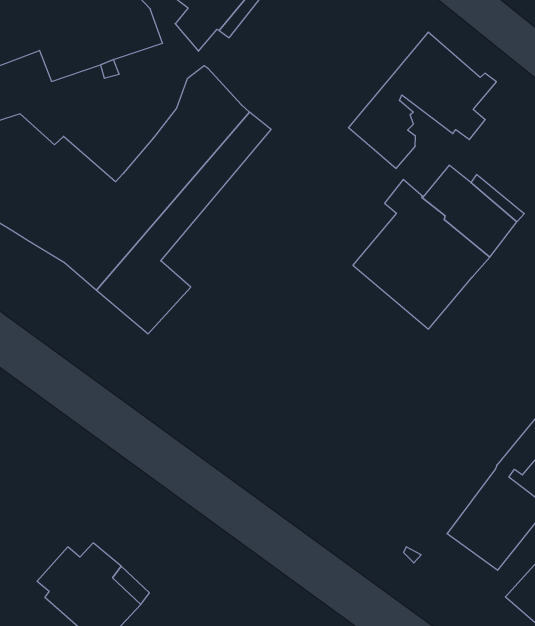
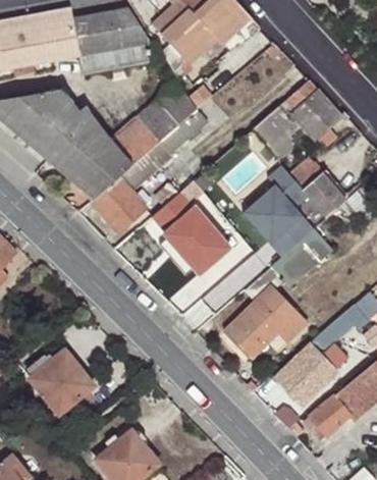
building: none -> [154,192,228,274]
building: none -> [226,229,331,357]

